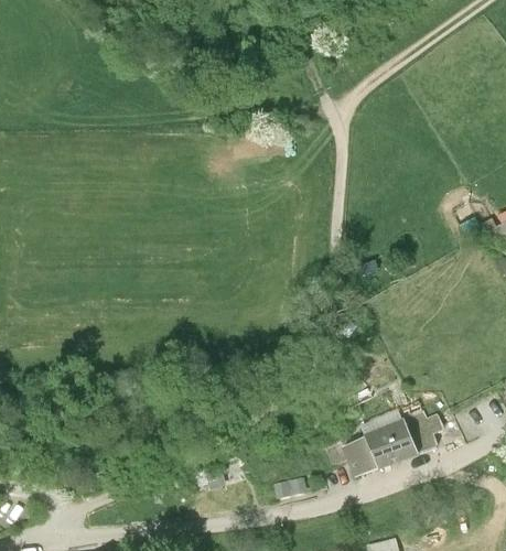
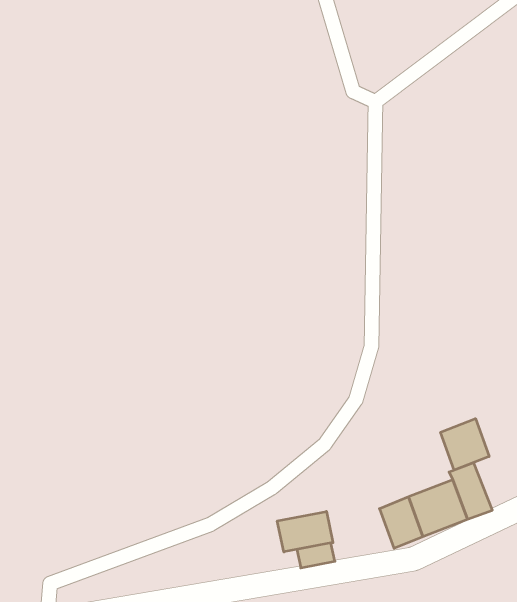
building: none -> [441,419,489,470]
building: none -> [277,511,333,552]

